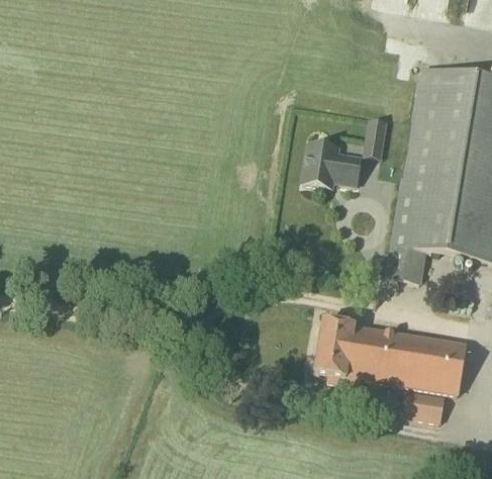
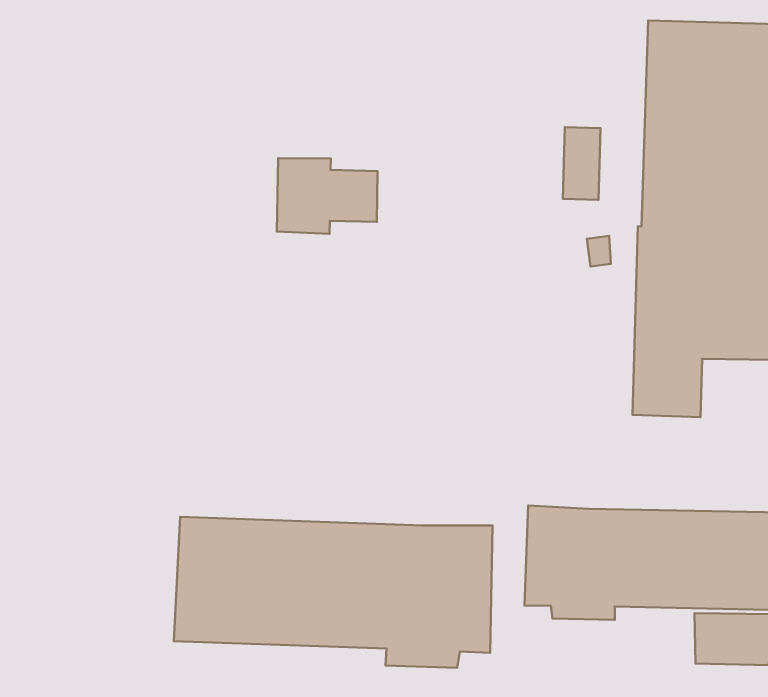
building: [302,140,361,185] -> [277,158,378,234]
building: none -> [174,517,493,668]

